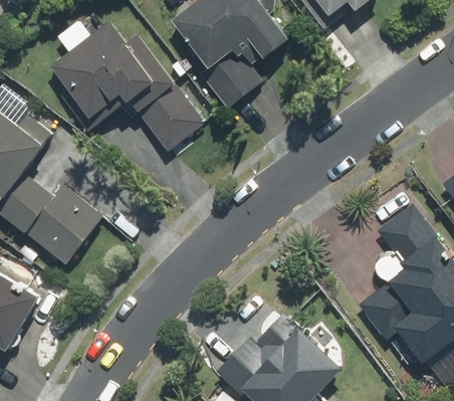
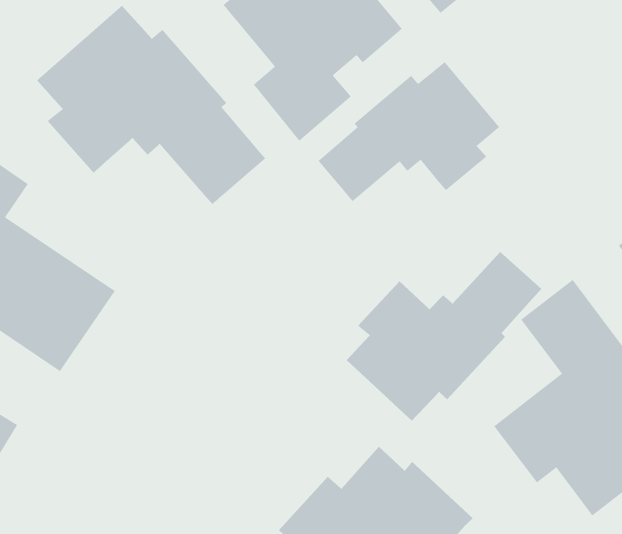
building: none -> [317,61,500,202]
building: none -> [346,251,542,421]

